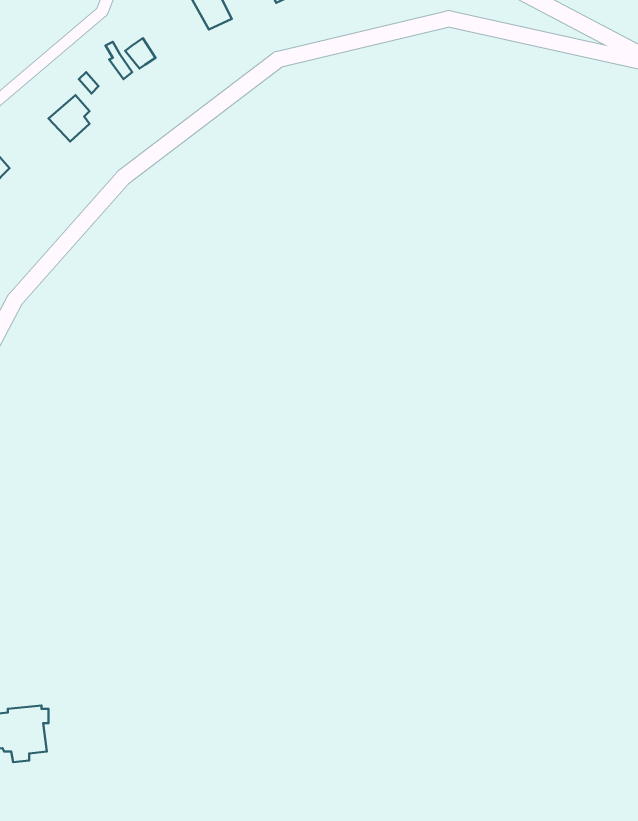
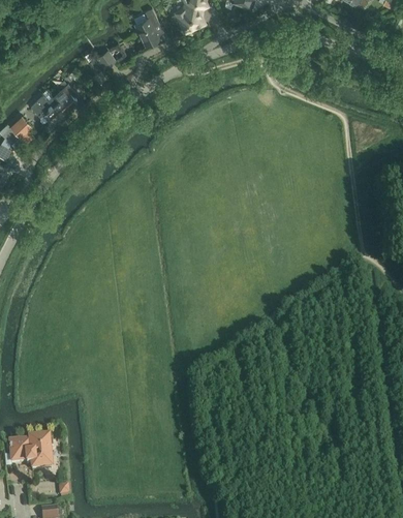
building: none -> [31,92,65,118]

